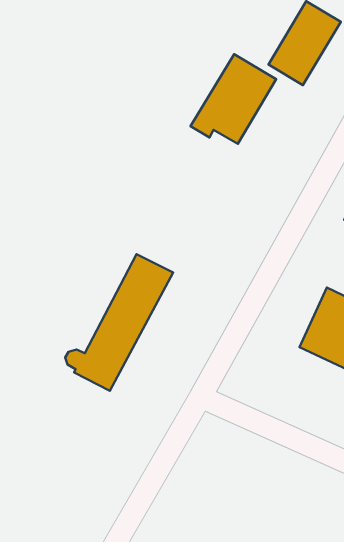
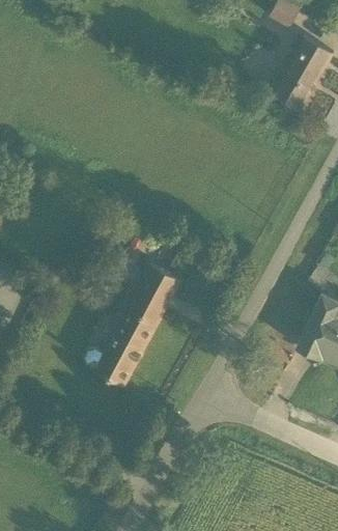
building: [191,54,276,144] -> none

